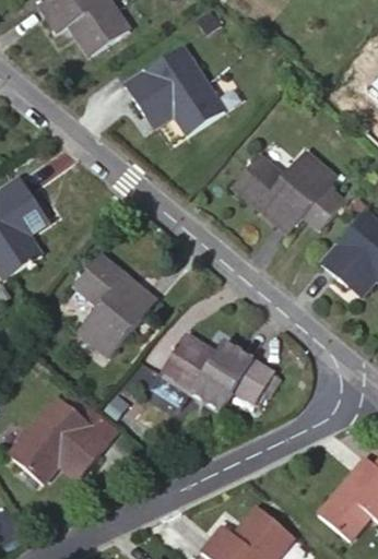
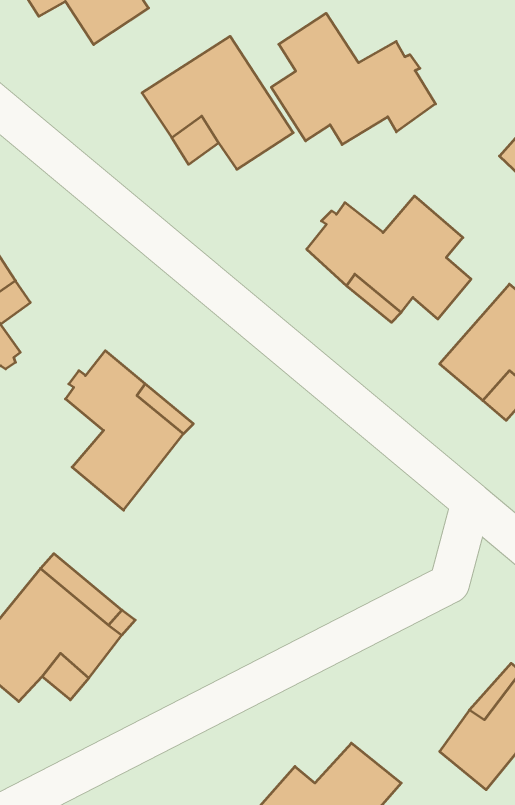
building: none -> [271,13,436,145]
building: [160,335,273,409] -> none

